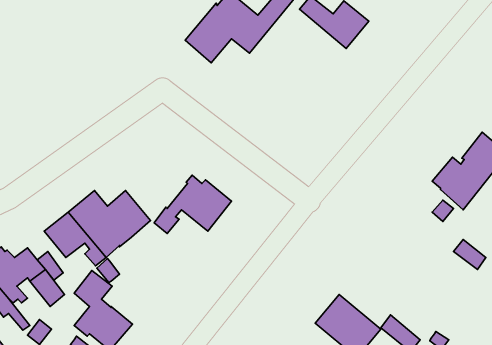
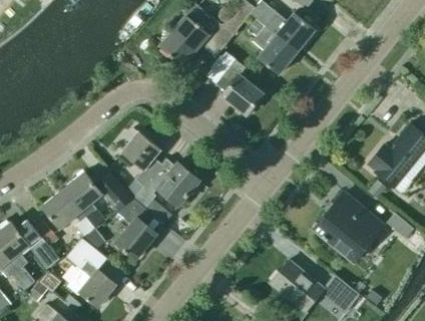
building: none -> [248,19,296,74]
building: none -> [206,51,264,114]
building: none -> [121,130,162,187]
building: none -> [314,192,384,262]
building: none -> [115,197,157,259]

